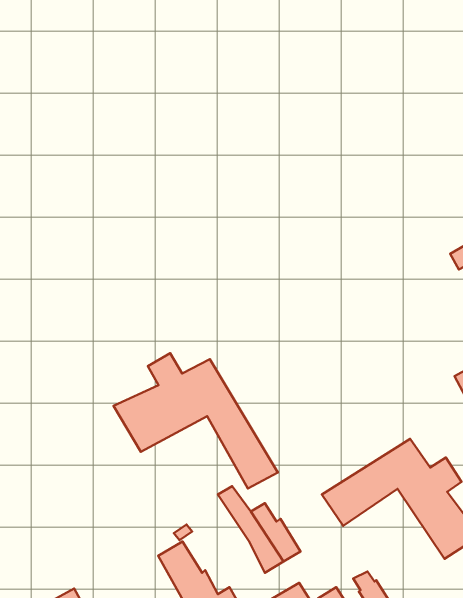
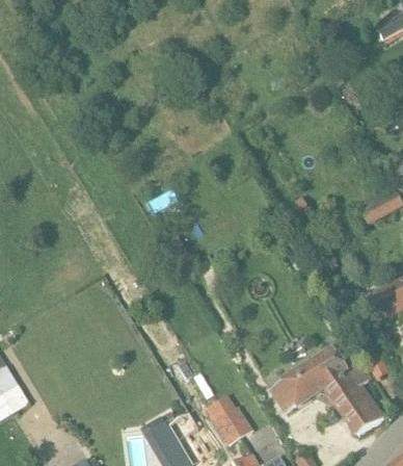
building: [114,353,278,488] -> none

